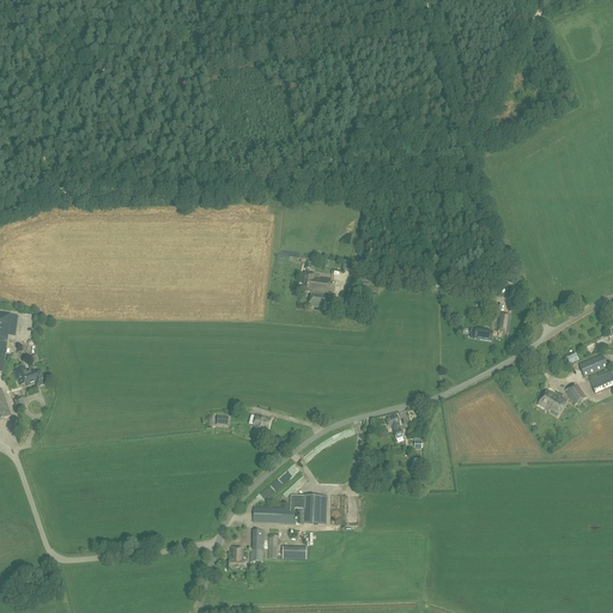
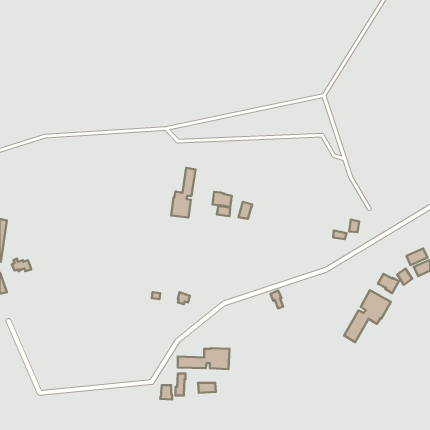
building: none -> [171,168,195,218]
building: none -> [344,290,391,342]

